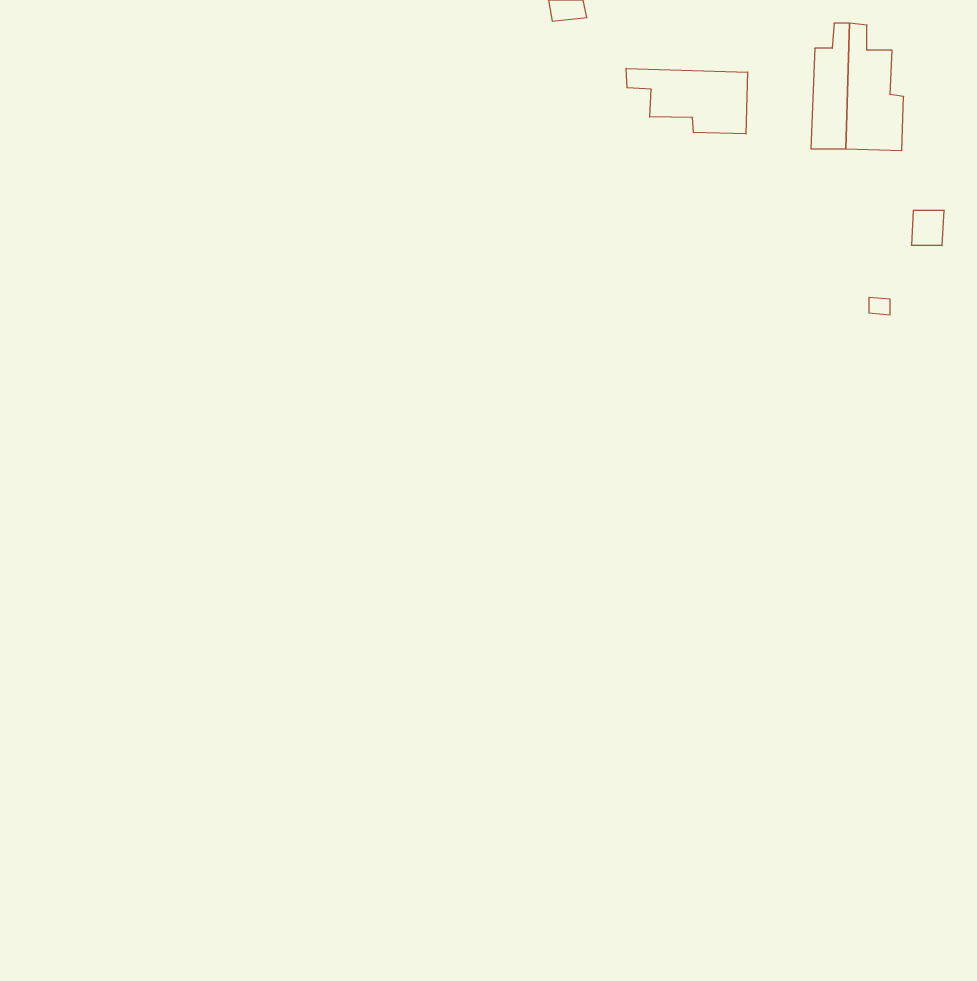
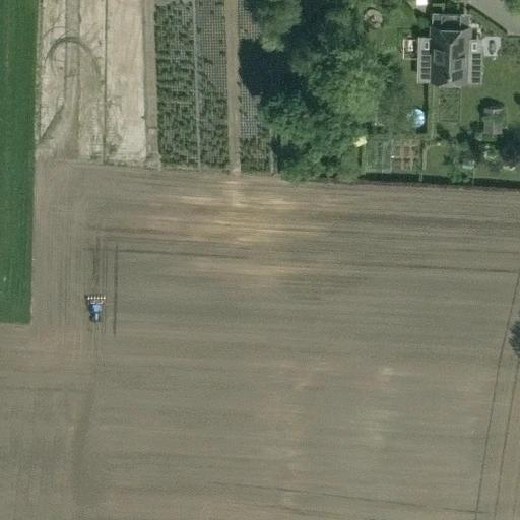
building: [626,68,748,134] -> none

